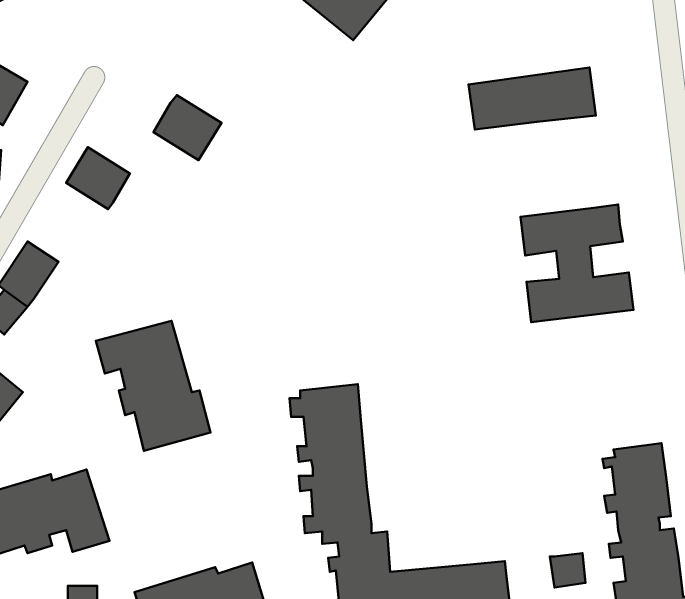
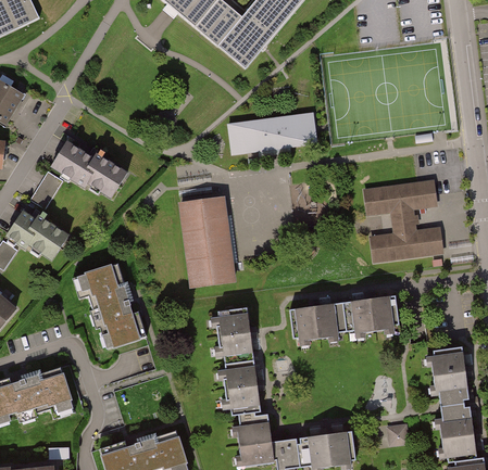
building: [469,68,596,130] -> [227,111,316,154]
building: [153,95,222,160] -> [79,152,127,198]
building: none -> [30,169,64,208]
building: none -> [177,195,235,289]
building: none -> [24,215,74,265]
building: none -> [283,293,402,346]

